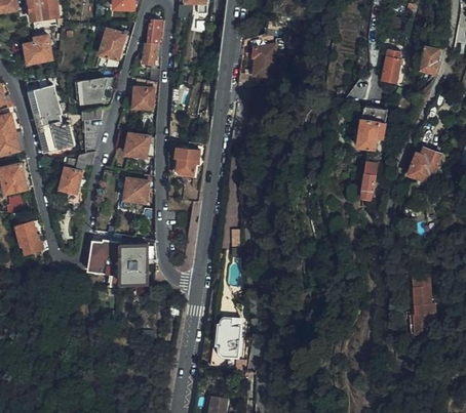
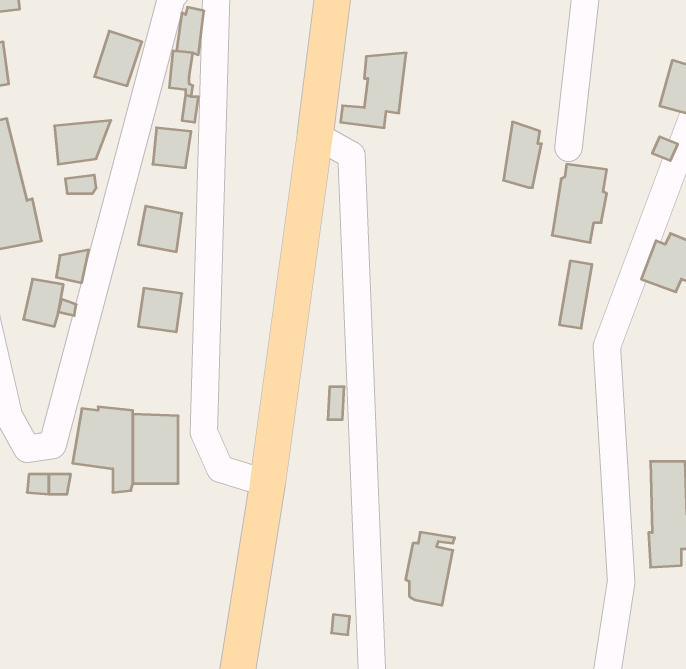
building: [381,44,402,81] -> [503,122,542,188]
building: [177,142,199,170] -> none
building: [215,314,242,355] -> [406,532,455,605]

